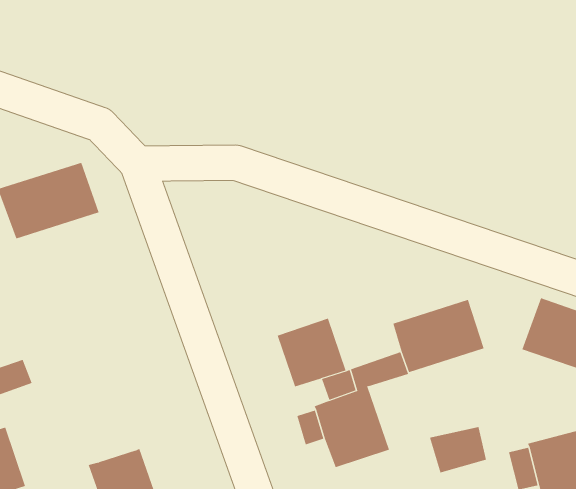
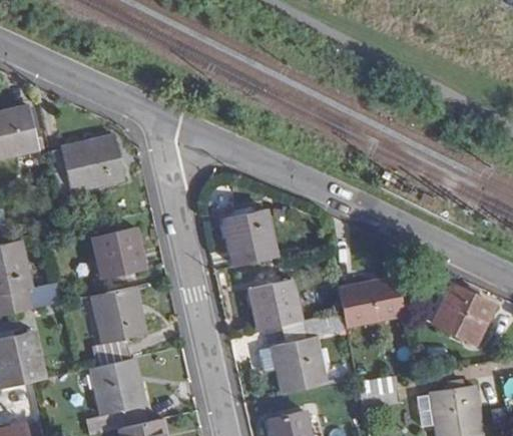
building: none -> [221,208,276,266]
building: none -> [94,229,144,278]
building: none -> [93,287,145,369]

